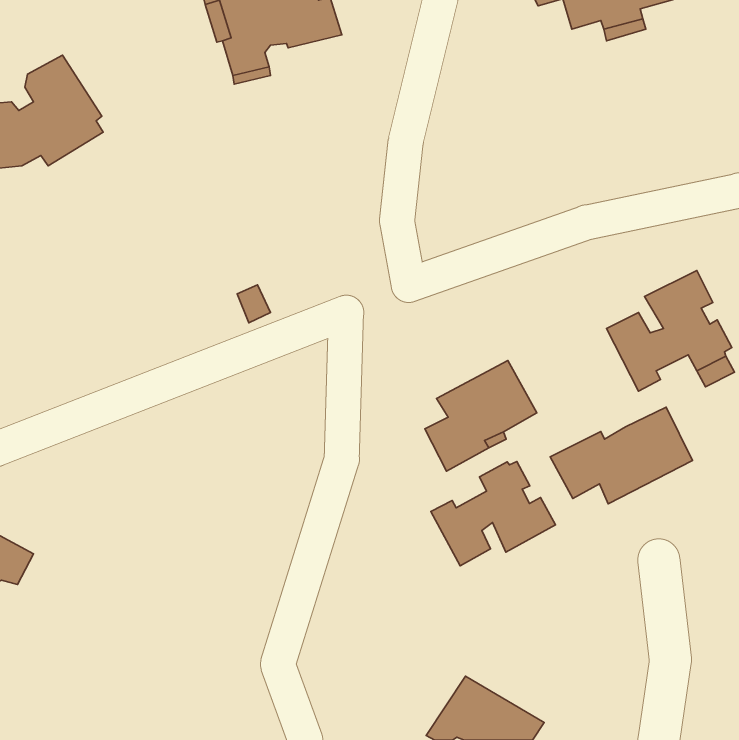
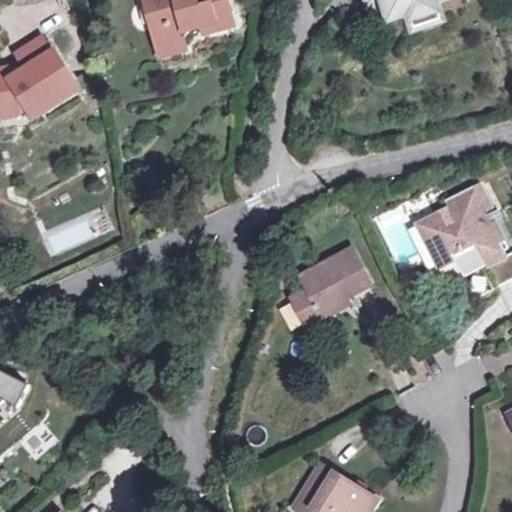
building: [550,407,693,504] -> none
building: [431,461,556,566] -> none

